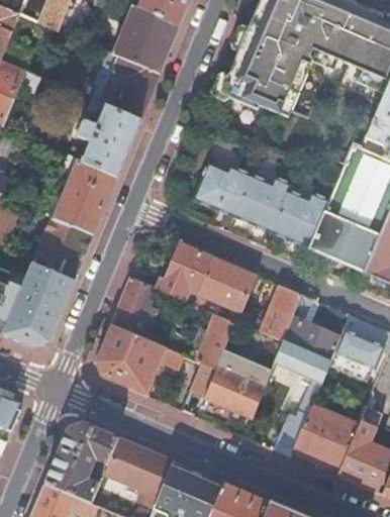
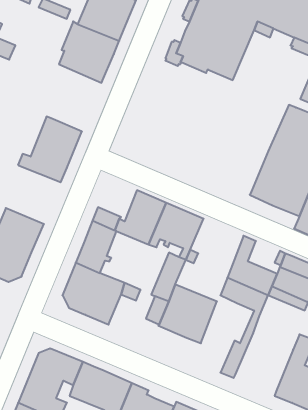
building: [78,99,140,176] -> none
building: [194,161,330,247] -> none
building: [31,214,94,281] -> none
building: [262,285,302,341] -> none
building: [293,405,359,471] -> none

